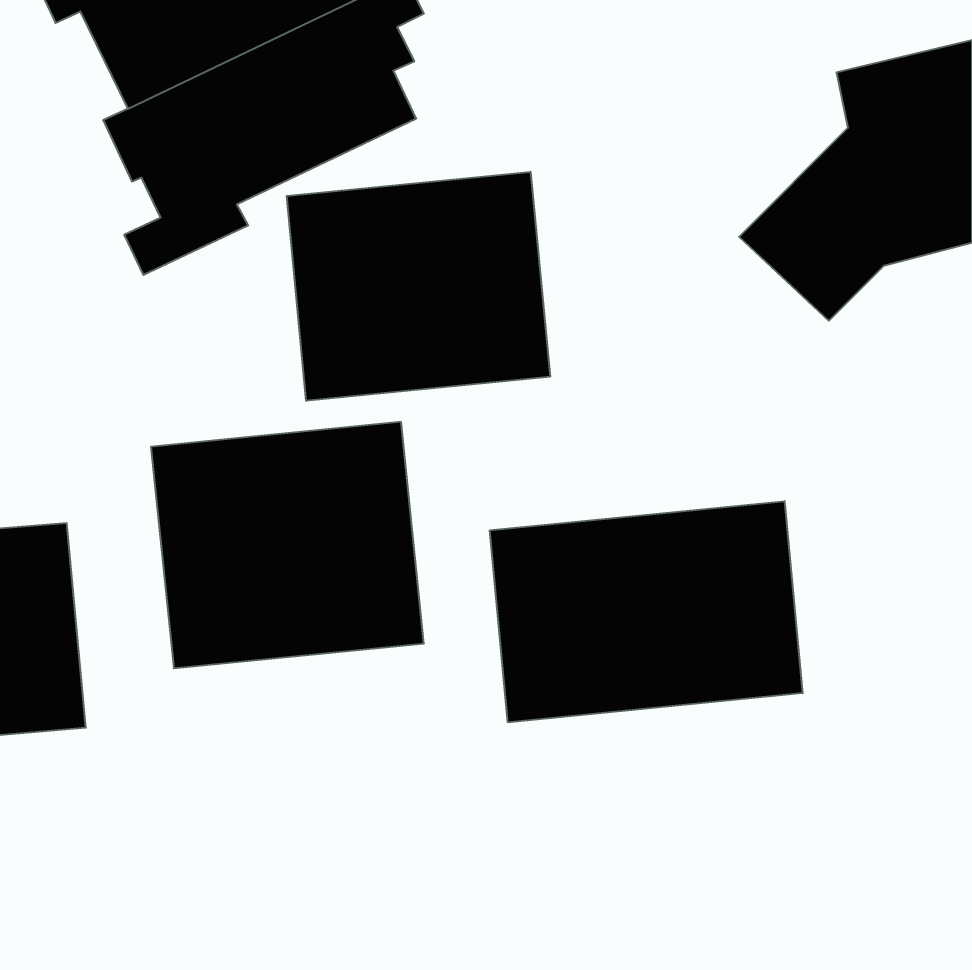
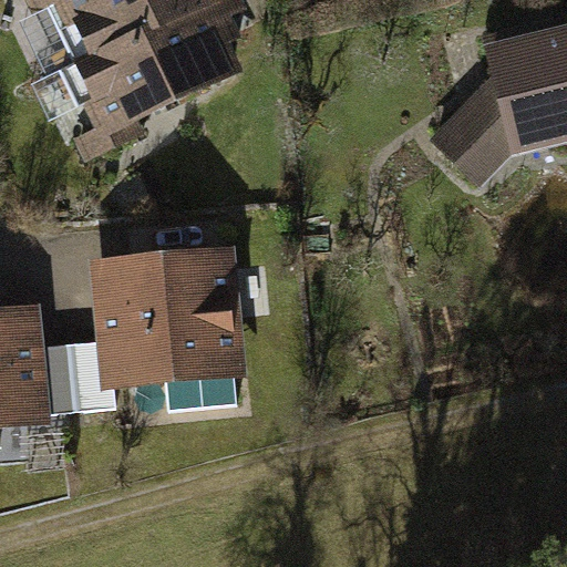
building: [287,172,550,401] -> none
building: [490,501,803,722] -> none

